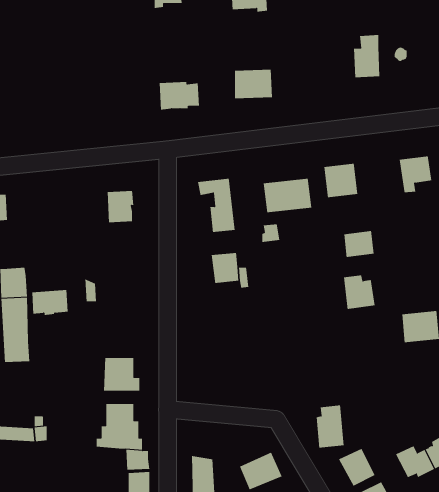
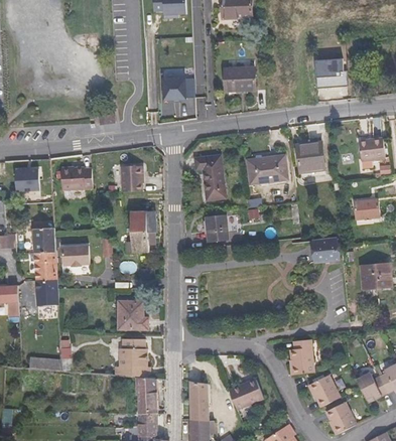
building: none -> [60,168,92,190]
building: [343,230,374,258] -> [354,197,379,219]
building: none -> [125,210,155,253]

